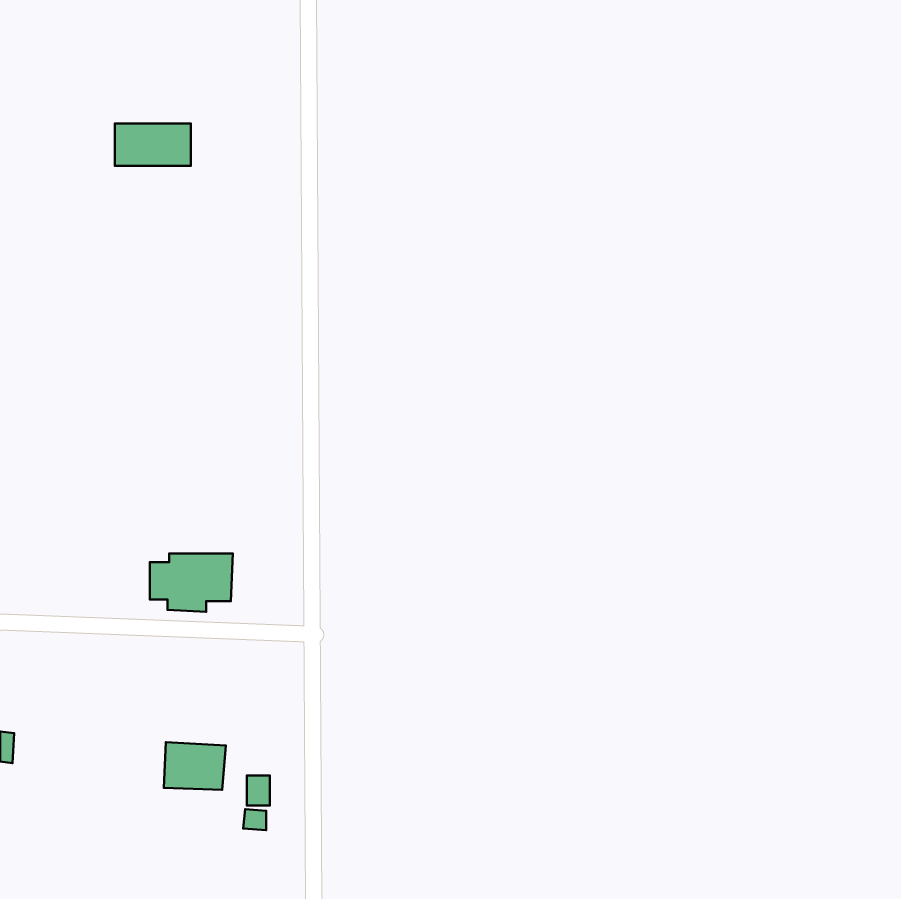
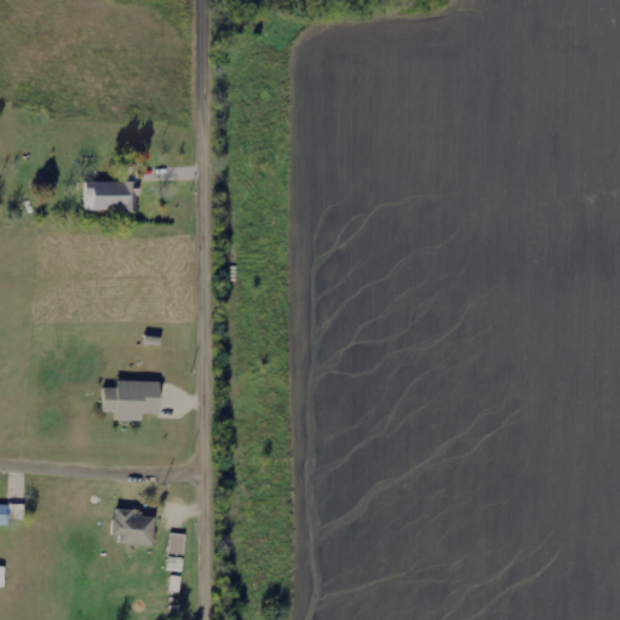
building: [115,124,191,166] -> [85,180,137,209]

